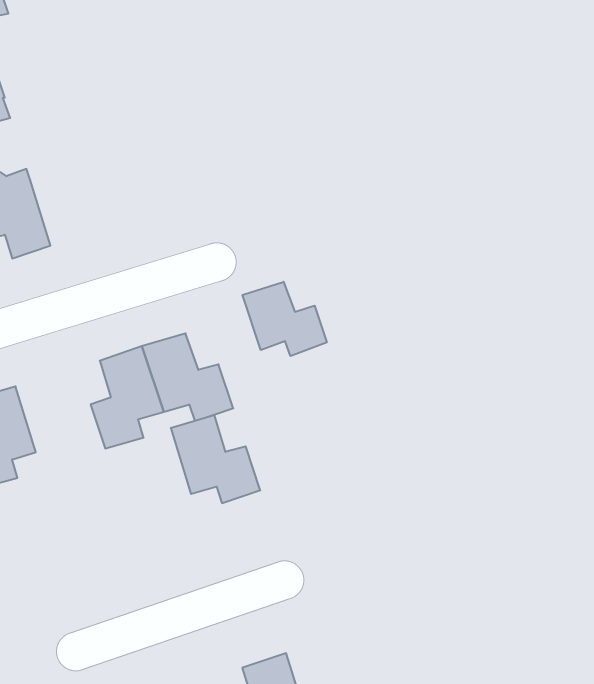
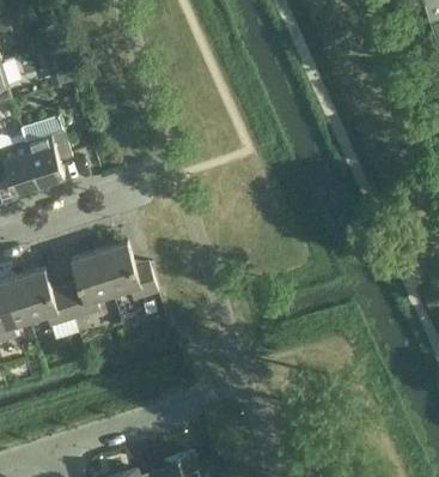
building: none -> [20,116,72,186]
building: [242,282,327,356] -> none
building: [171,415,260,503] -> [16,270,74,327]

